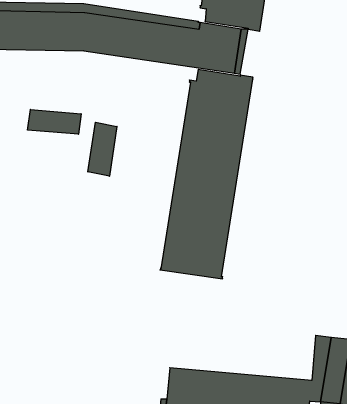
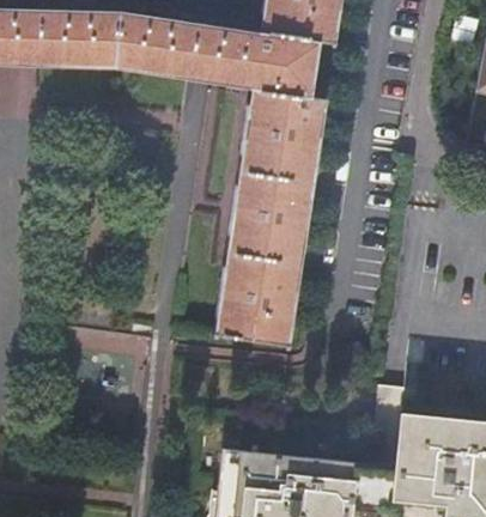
building: [28,109,81,134] -> none
building: [88,122,117,176] -> none

